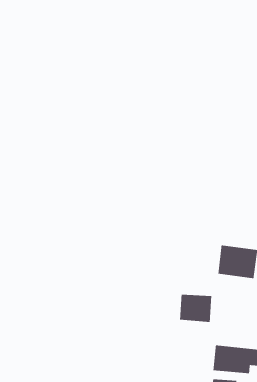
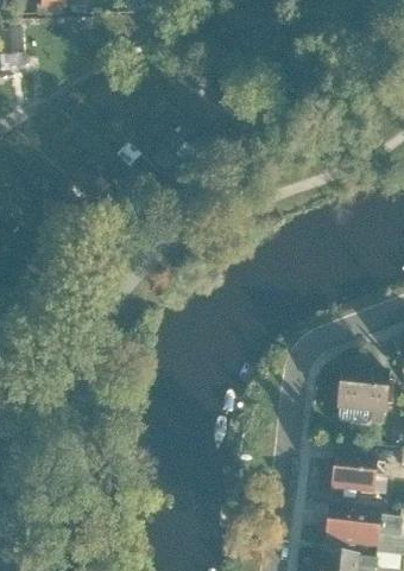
building: [179,294,212,323] -> [333,455,379,495]

